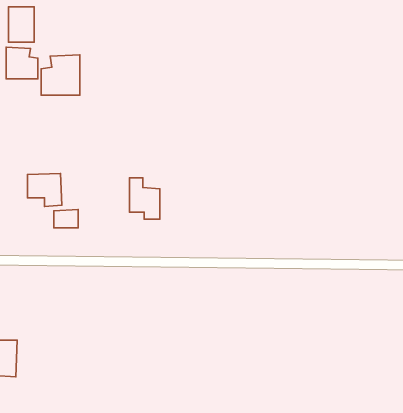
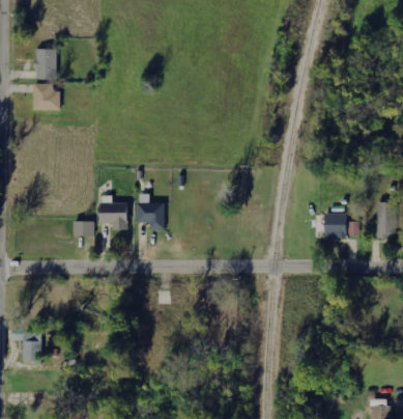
building: [41,55,80,95] -> none
building: [28,173,62,206] -> [97,201,126,229]
building: none -> [322,213,359,238]

